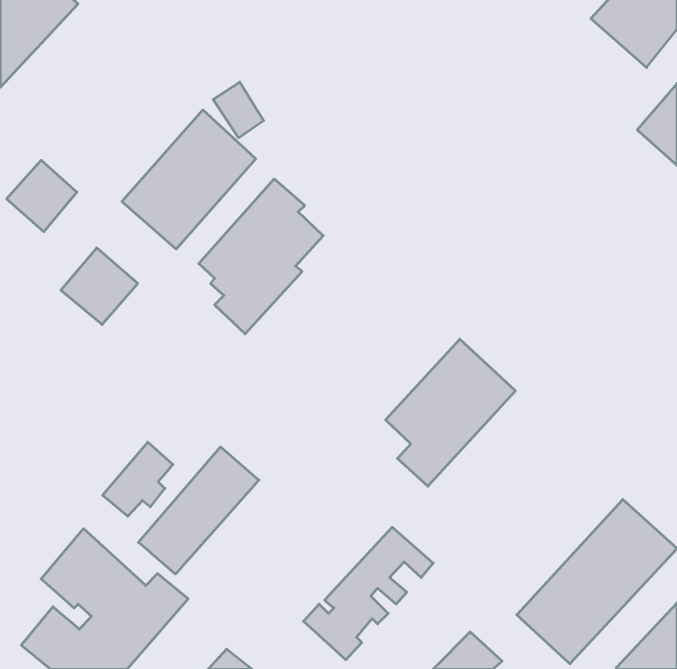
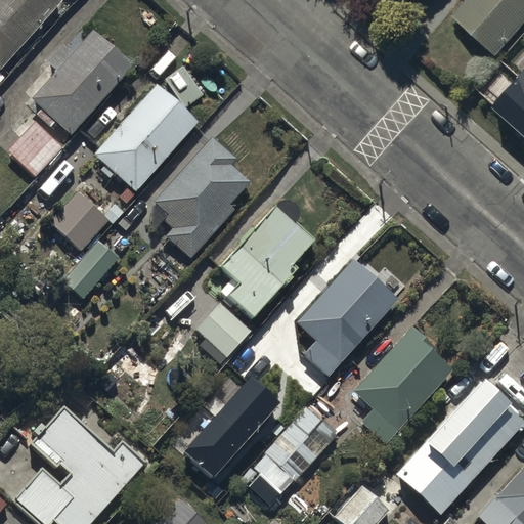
building: none -> [29,33,129,138]
building: none -> [220,203,313,322]
building: none -> [194,302,249,357]
building: none -> [353,331,454,443]
building: [103,442,173,516] -> [60,242,115,299]
building: [138,447,259,574] -> [183,374,276,472]

